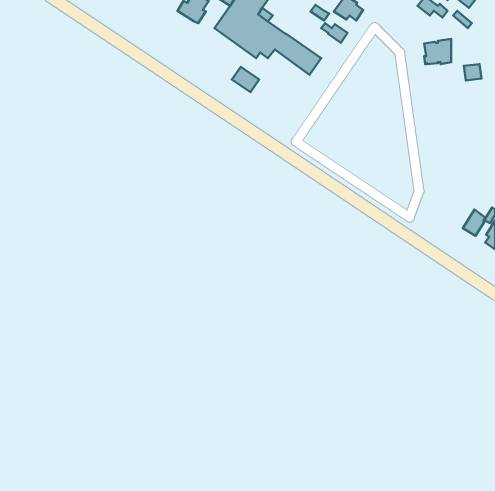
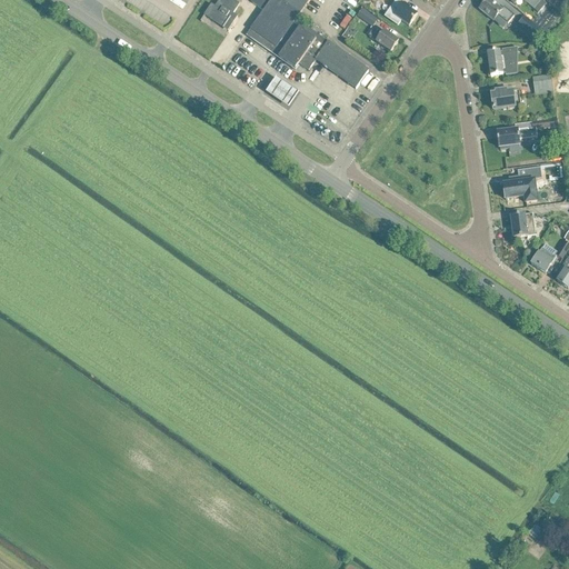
building: none -> [490,87,519,107]
building: none -> [496,116,557,147]
building: none -> [502,164,541,200]
building: none -> [508,211,535,236]

